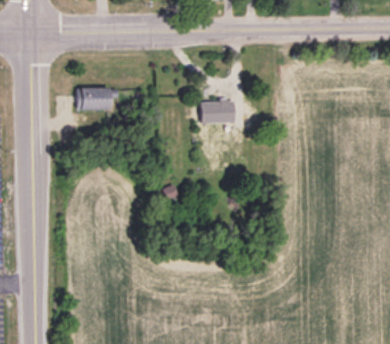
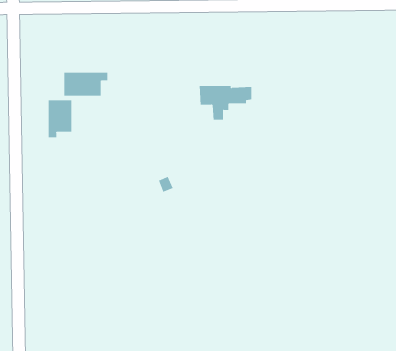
building: none -> [48,99,72,138]

